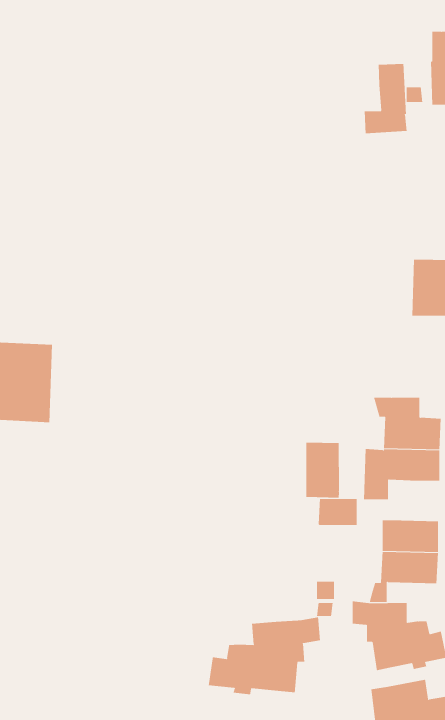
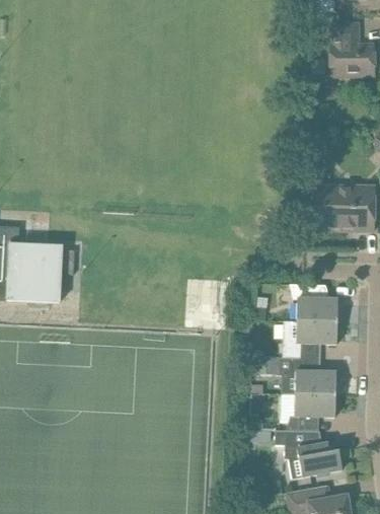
building: [364,63,407,134] -> none
building: [306,442,339,498] -> none
building: [208,617,320,695] -> none

